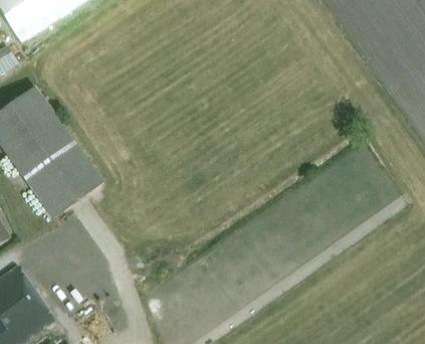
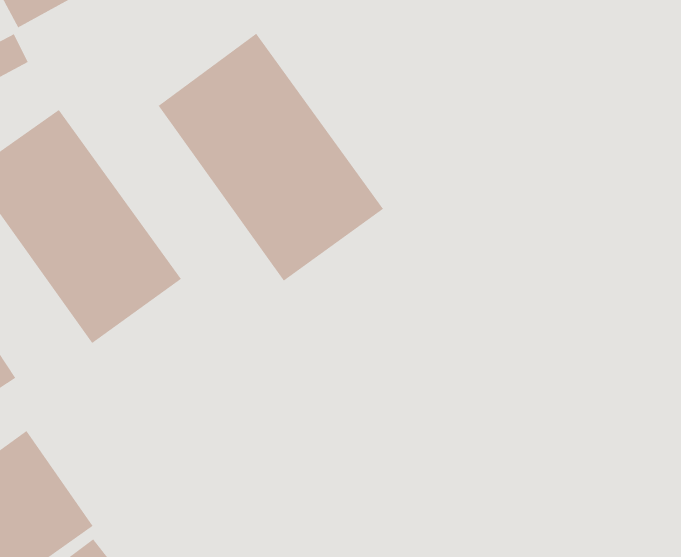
building: none -> [158,33,384,281]

